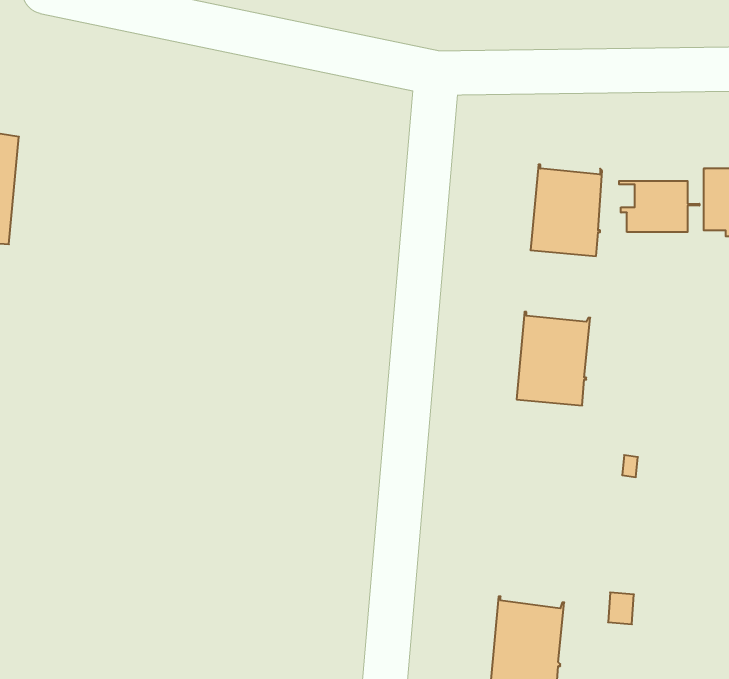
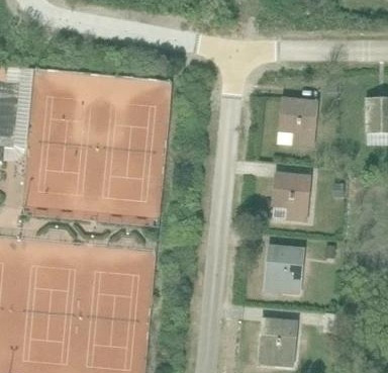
building: [619,181,699,232] -> none
building: none -> [267,246,303,292]

